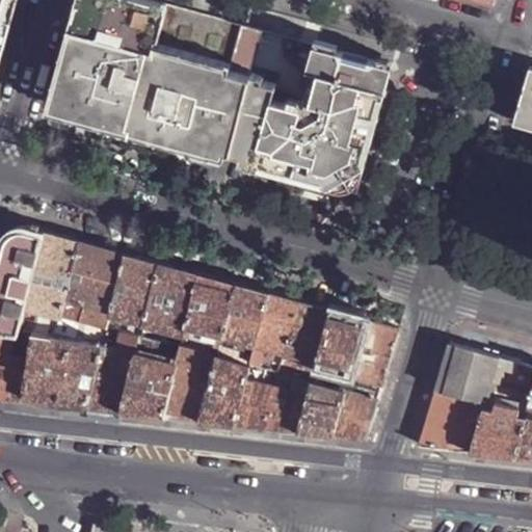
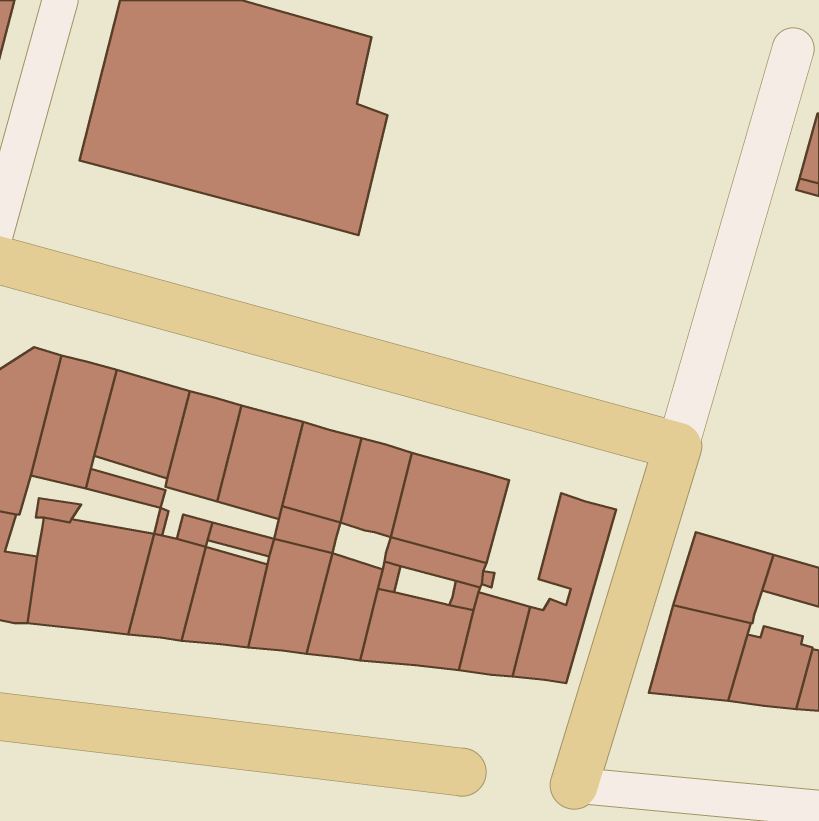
building: [229,29,391,195] -> none
building: [312,313,360,376] -> none

